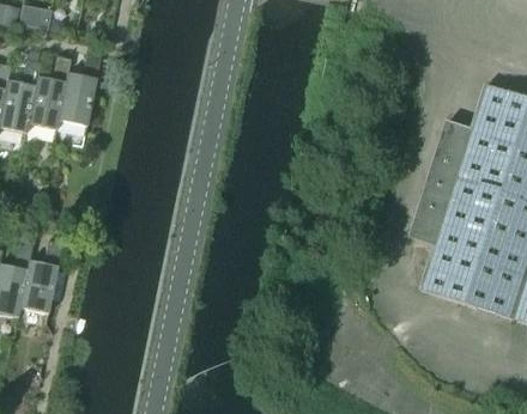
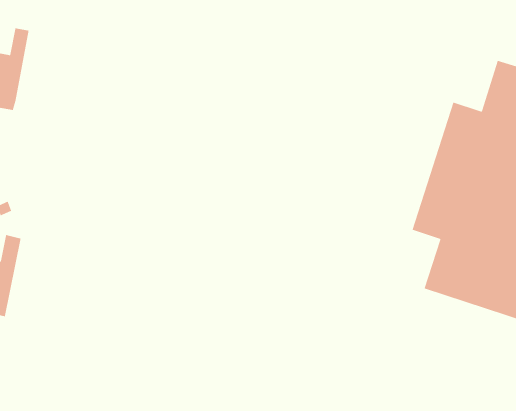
building: [56,53,99,128] -> none

